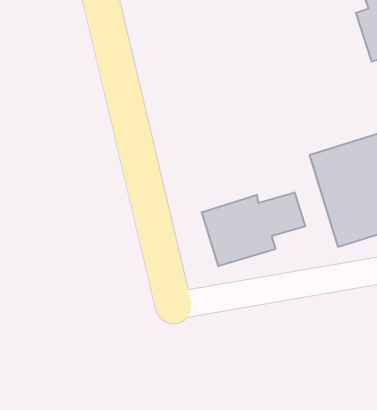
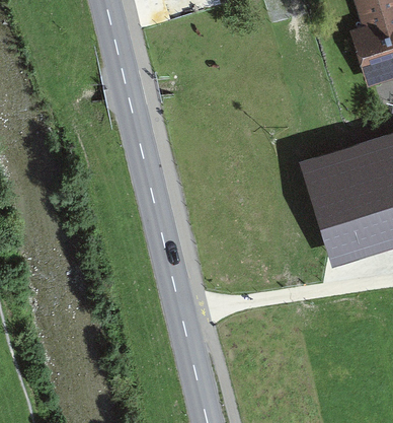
building: [202,192,305,266] -> none

